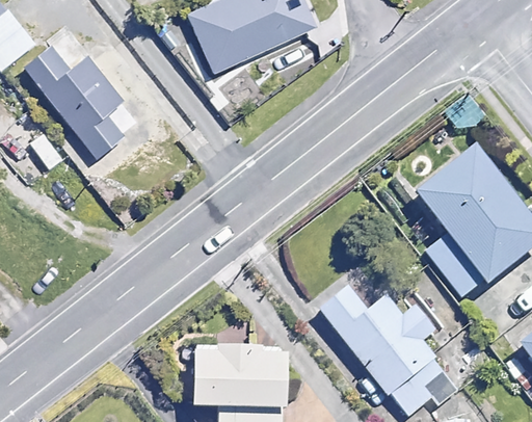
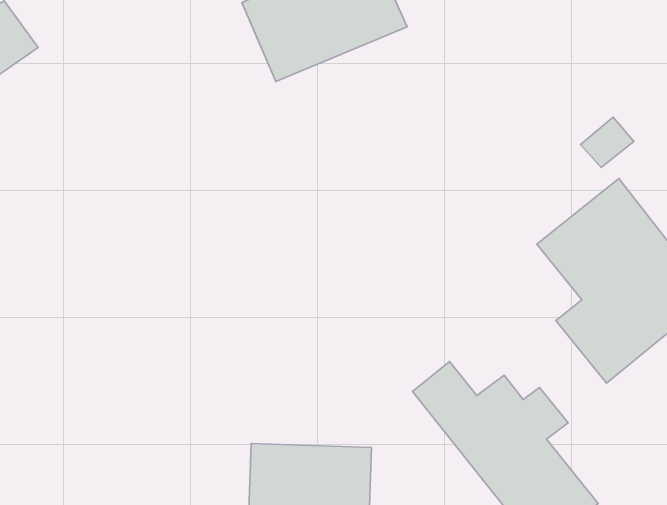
building: [21,31,136,159] -> none

